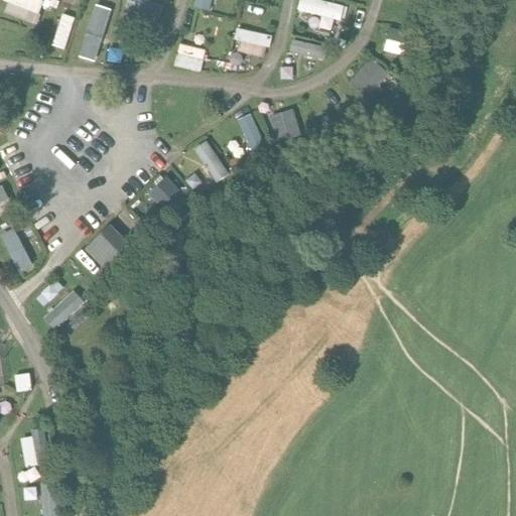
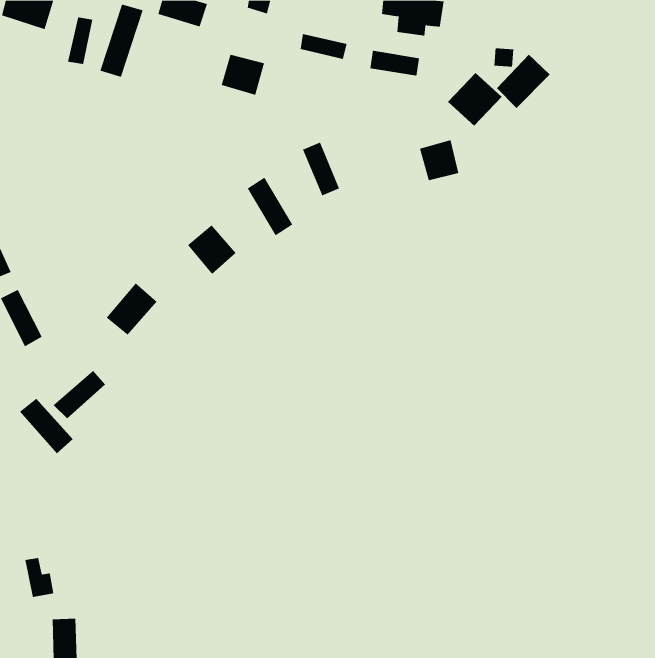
building: none -> [496,54,550,109]
building: [268,108,299,140] -> [419,140,459,181]
building: none -> [19,398,74,454]

